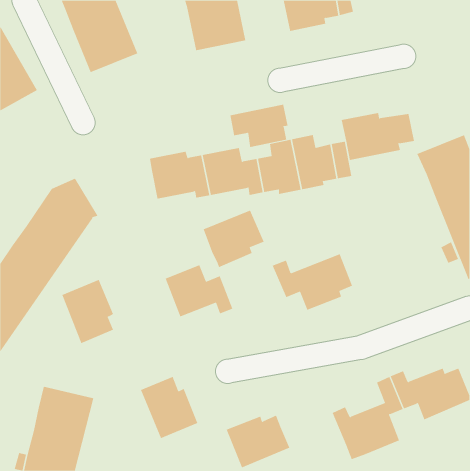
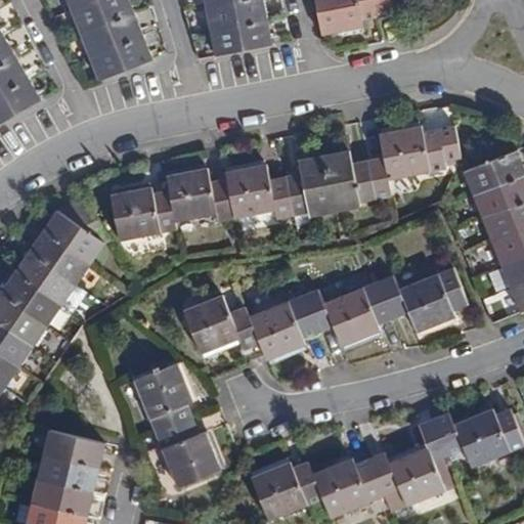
building: [230,104,288,148] -> none
building: none -> [110,186,176,239]
building: [203,210,264,268] -> [249,295,317,359]
building: none -> [378,267,468,332]
building: [61,279,114,344] -> [134,361,192,433]
building: none -> [312,457,384,517]

